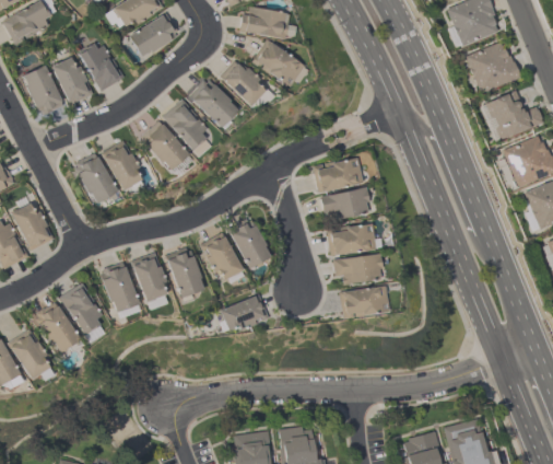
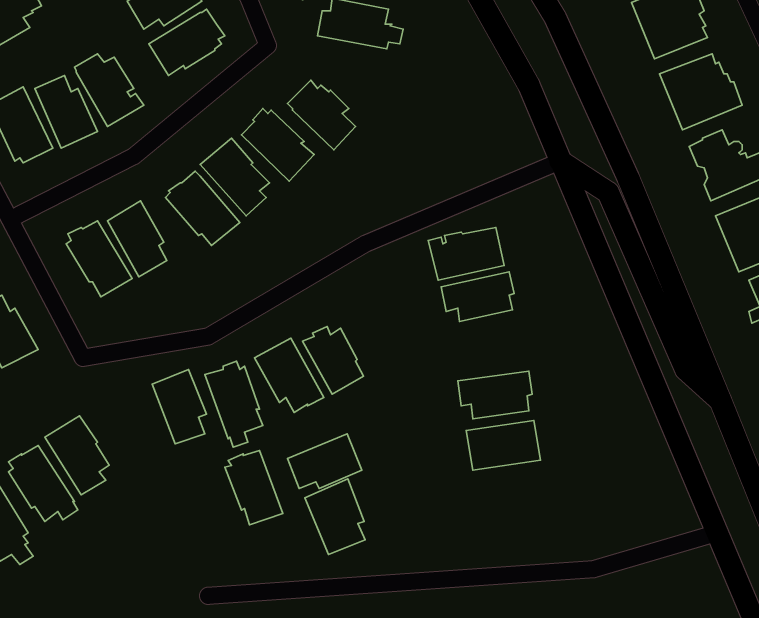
building: [251,39,307,88] -> none
building: [327,223,375,255] -> none
building: [99,263,138,312] -> [225,451,283,525]
building: none -> [305,479,365,554]

